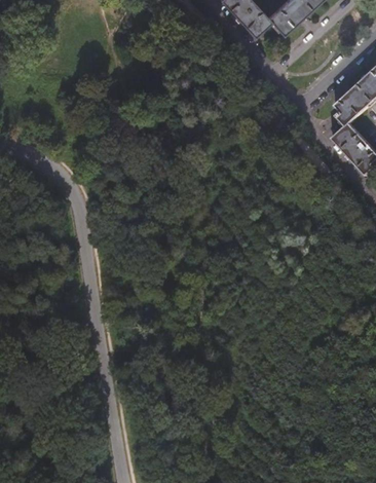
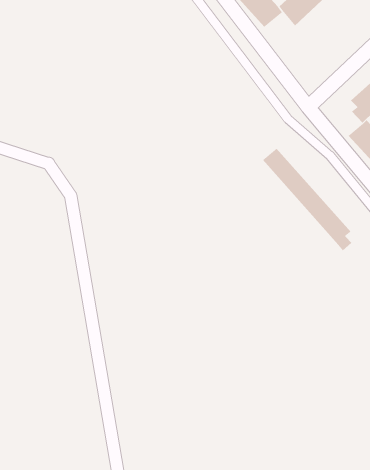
building: none -> [262,148,352,251]

